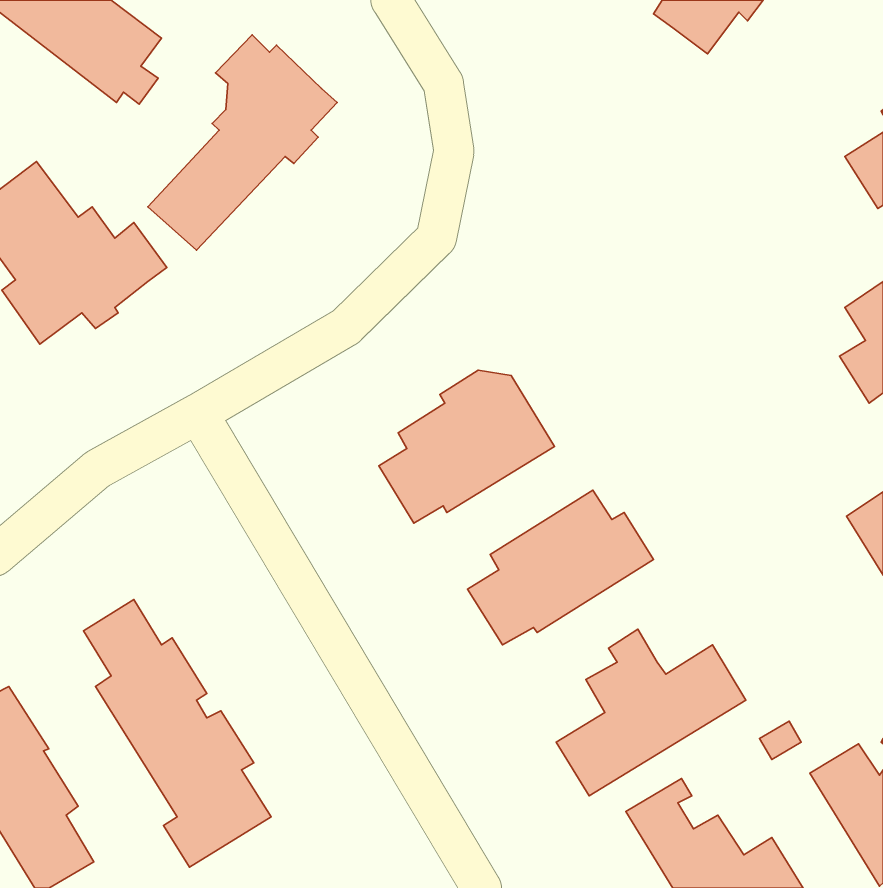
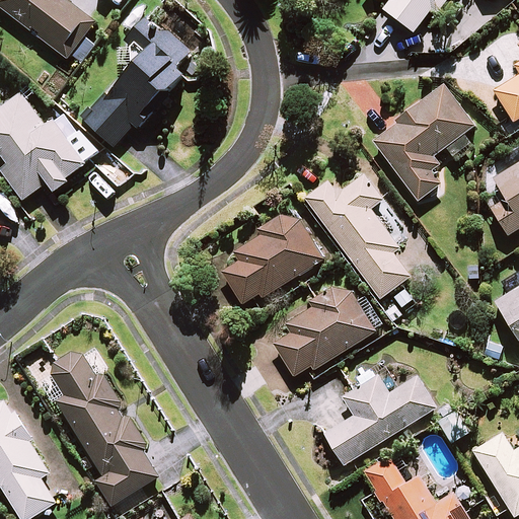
building: none -> [372,86,473,201]
building: none -> [305,175,410,299]

